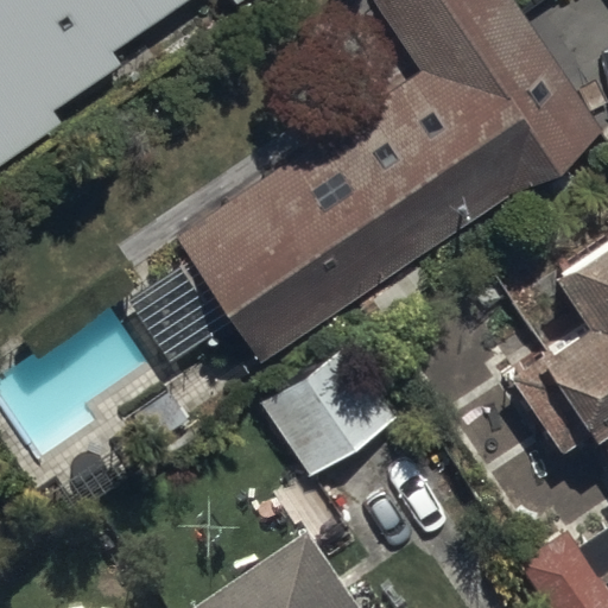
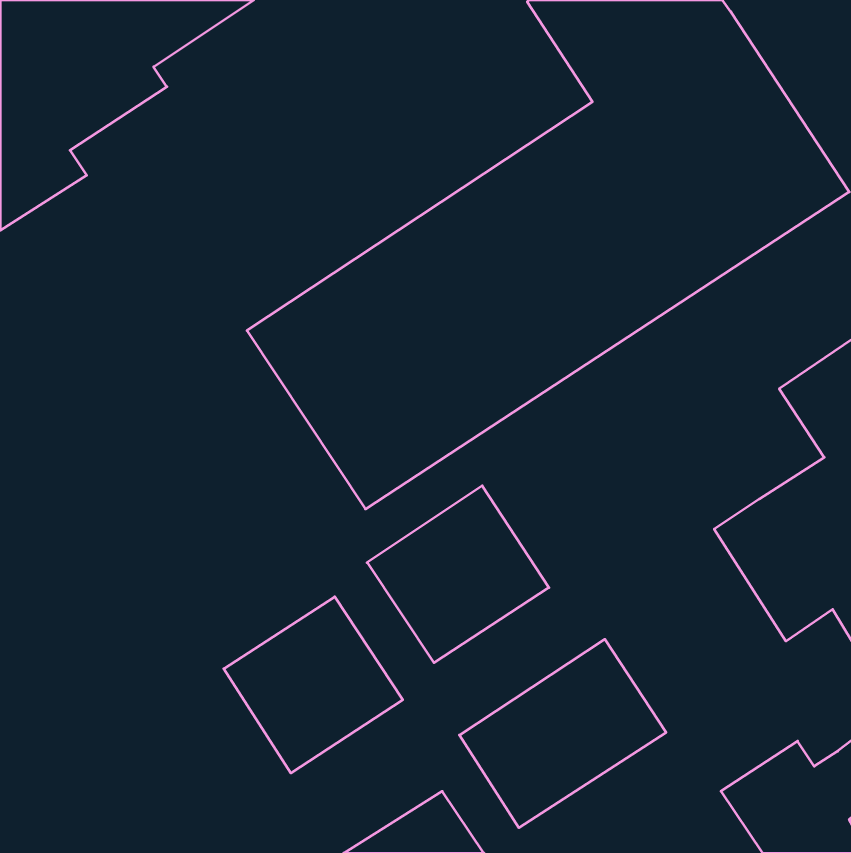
building: none -> [224,597,403,773]
building: none -> [459,639,666,828]

